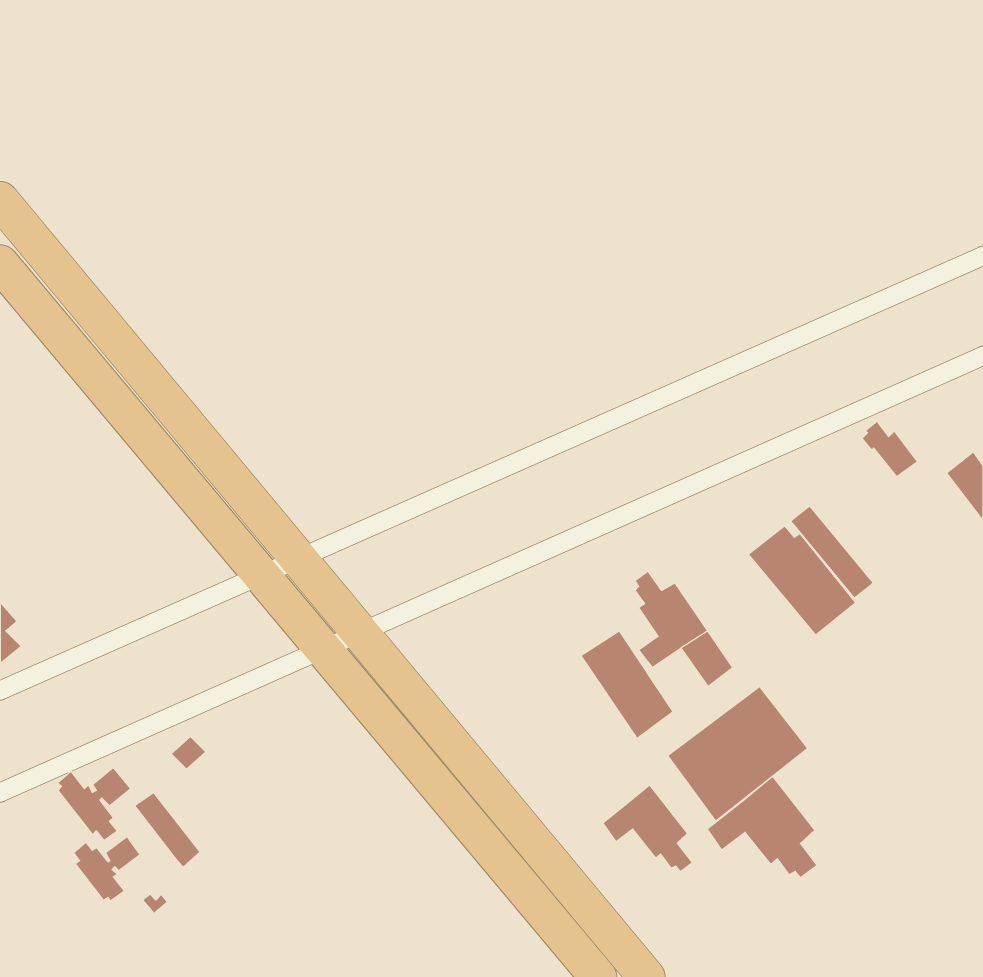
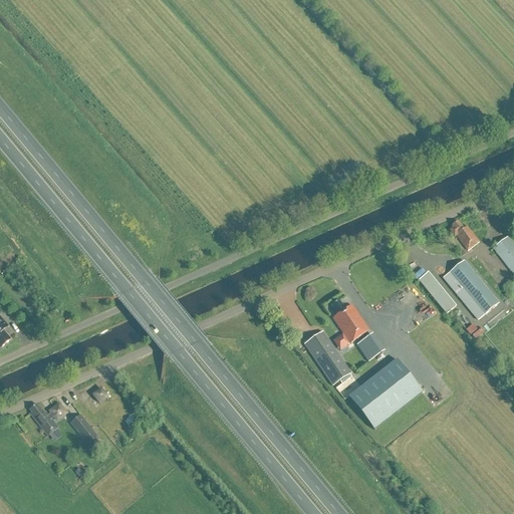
building: [748,526,856,635] -> [443,261,499,318]
building: [707,776,817,878] -> none
building: [603,785,692,872] -> none
building: [74,837,140,901] -> none

